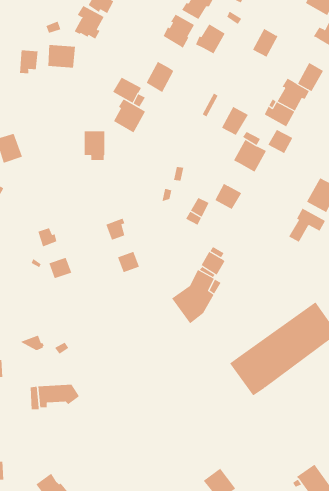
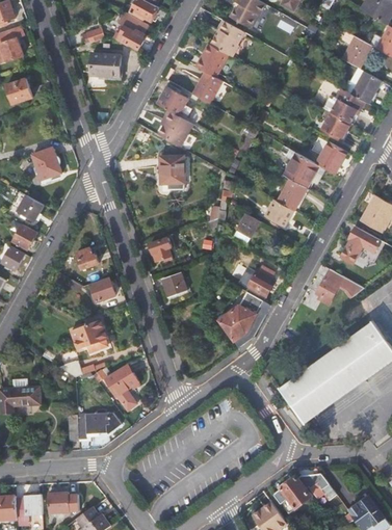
building: [195,24,226,54] -> [195,45,228,77]
building: [252,28,279,58] -> [343,37,371,69]
building: [19,50,38,74] -> none
building: [221,106,249,137] -> [278,179,307,211]
building: [84,131,105,160] -> [159,157,182,188]
building: none -> [316,269,362,304]
building: none -> [80,317,110,349]
building: none -> [107,365,142,400]
building: none -> [275,474,338,513]
building: none -> [48,491,78,511]

